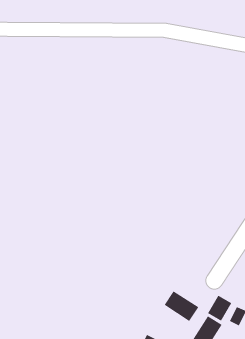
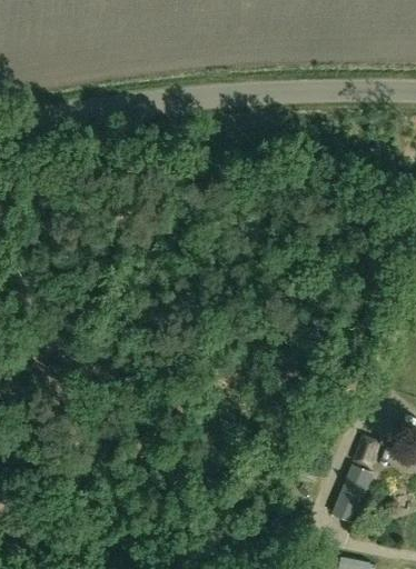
building: [164,290,199,322] -> none

